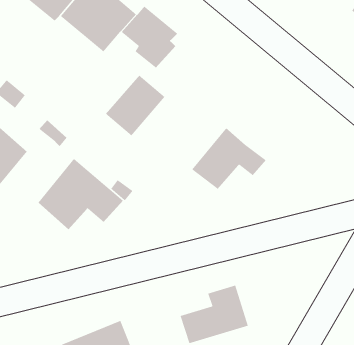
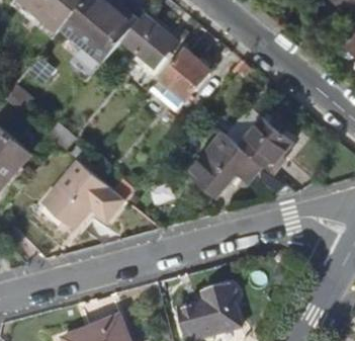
building: [105,75,166,136] -> [157,44,214,102]
building: none -> [239,120,292,171]

